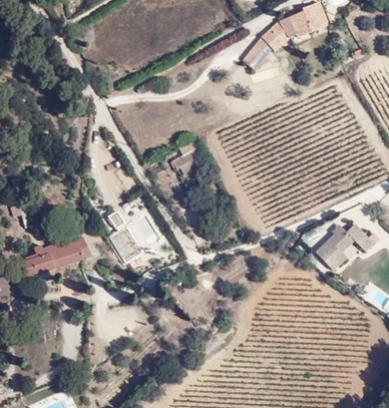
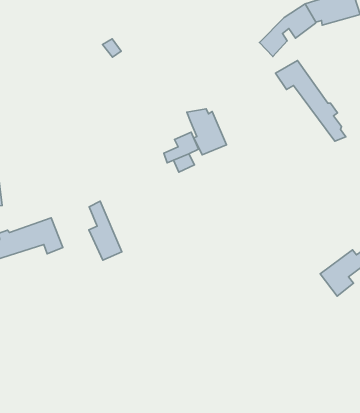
building: none -> [275,60,346,141]
building: none -> [187,109,227,155]

